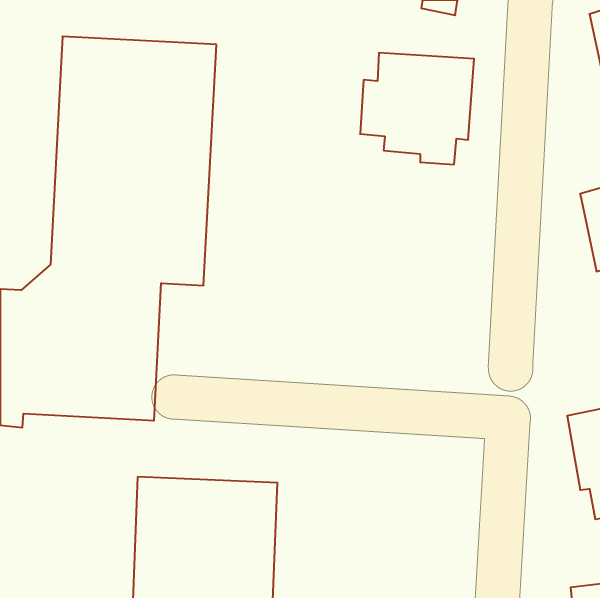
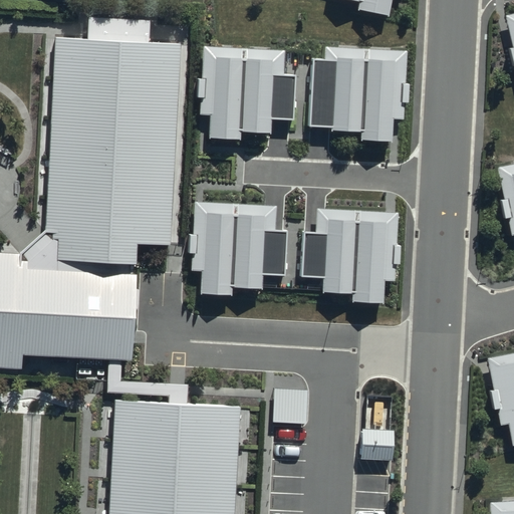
building: none -> [199,48,293,141]
building: none -> [190,204,284,296]
building: none -> [302,207,399,302]

